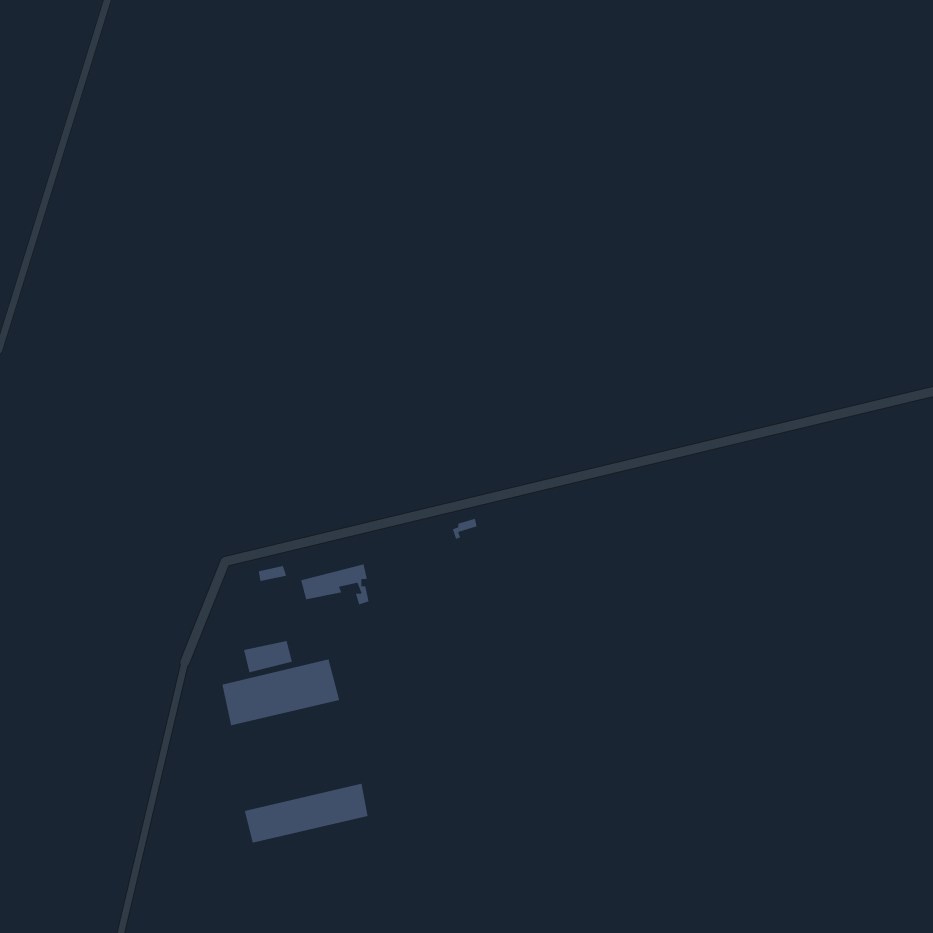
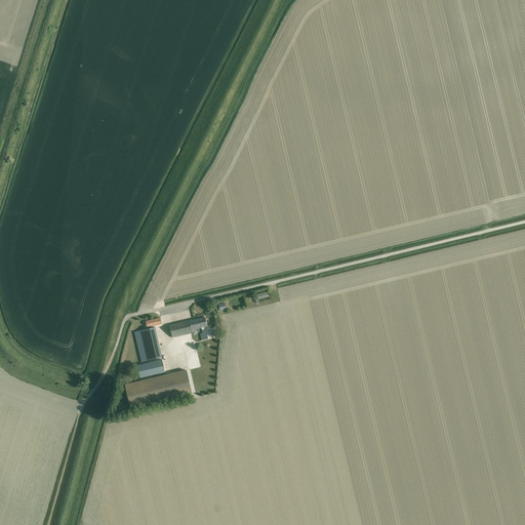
building: none -> [138,326,161,361]
building: [244,783,369,843] -> none

